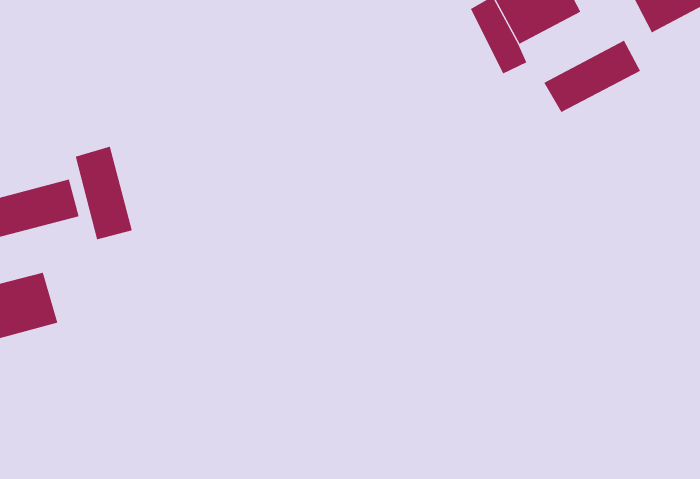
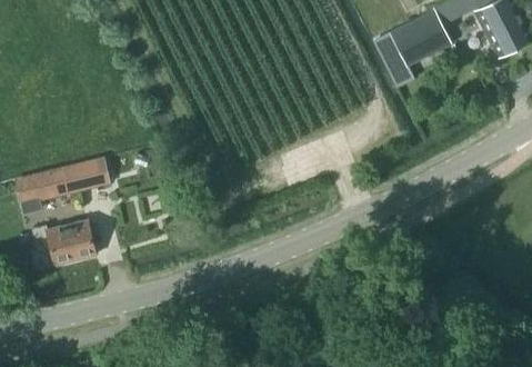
building: [544,40,641,113] -> none
building: [75,146,132,240] -> none

